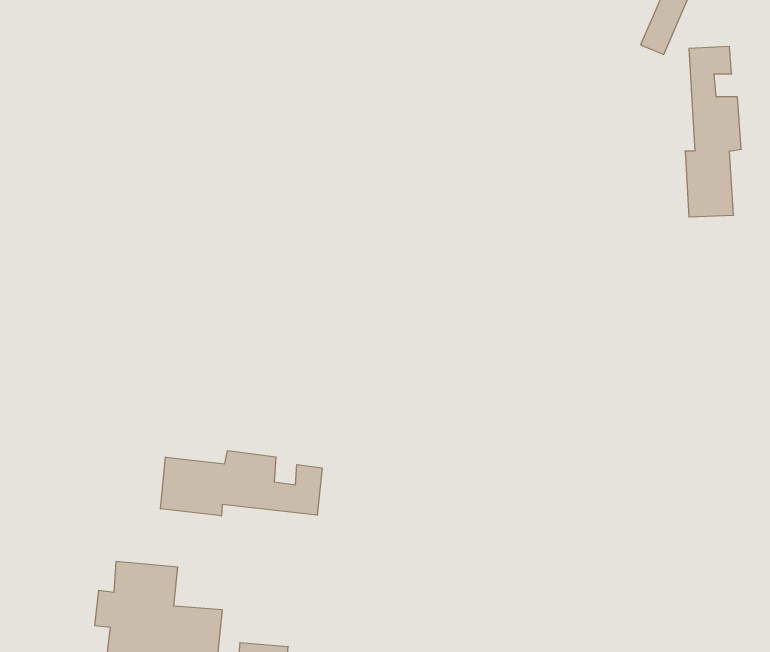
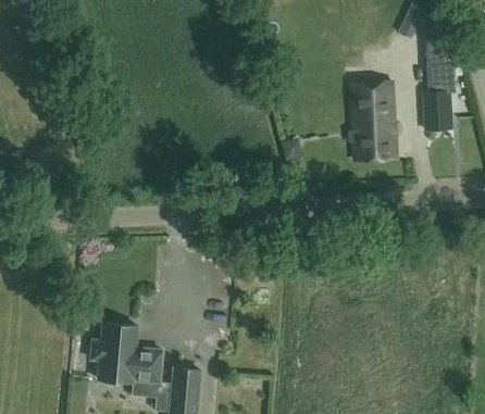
building: none -> [352,84,397,161]
building: [160,451,322,516] -> none

